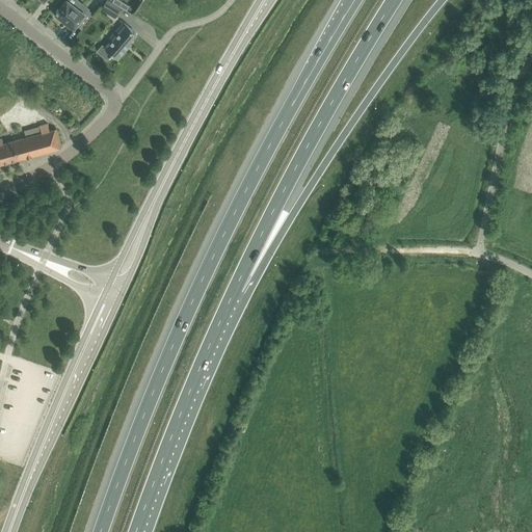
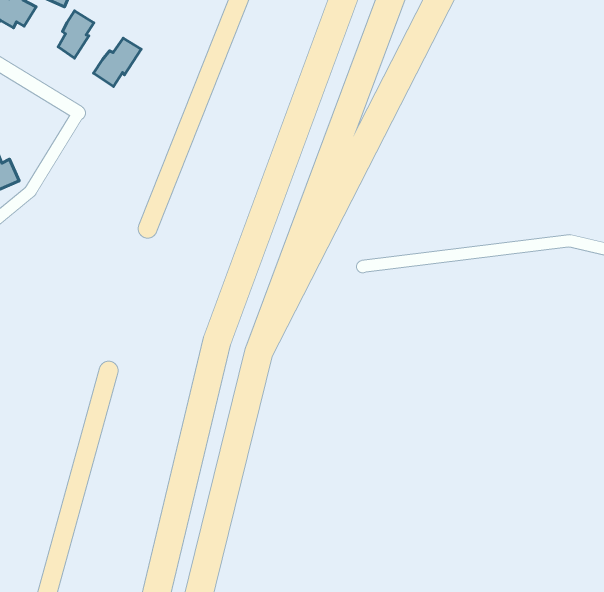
building: none -> [94,38,141,87]

